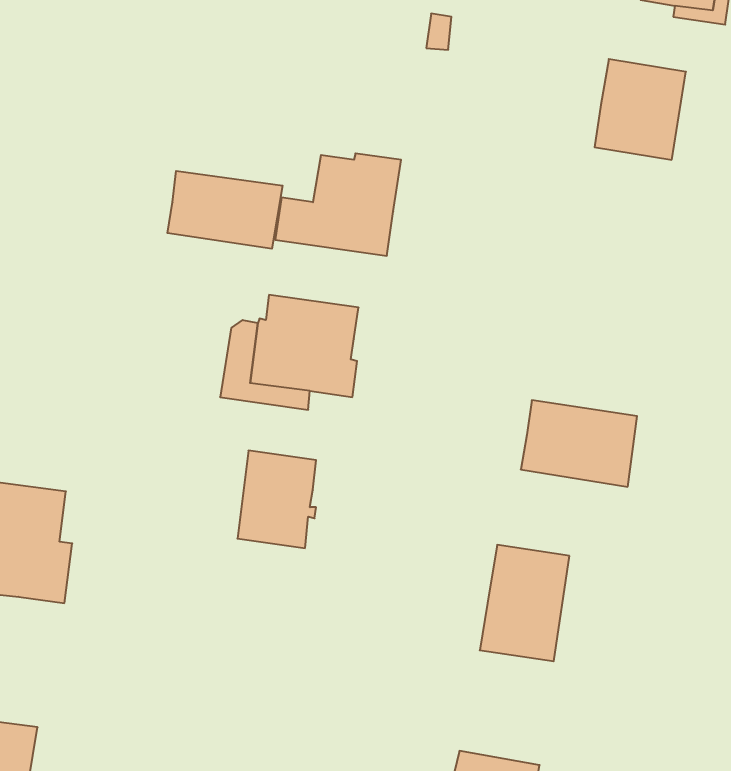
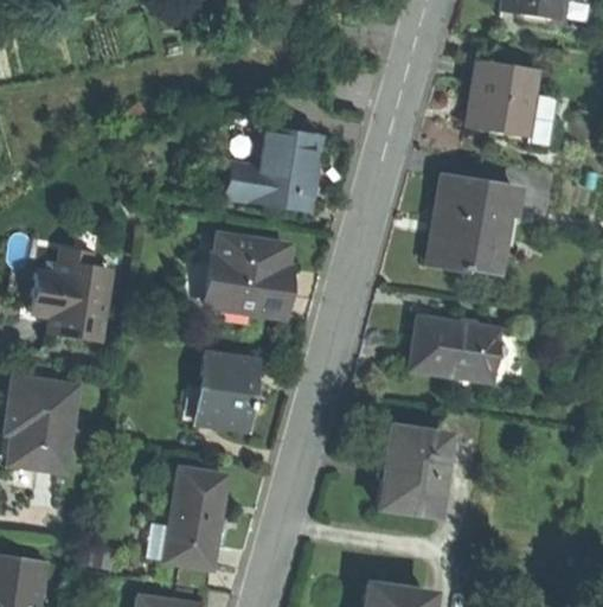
building: [167,171,283,249] -> none
building: none -> [437,177,520,270]
building: none -> [33,261,113,339]
building: none -> [169,468,226,566]

